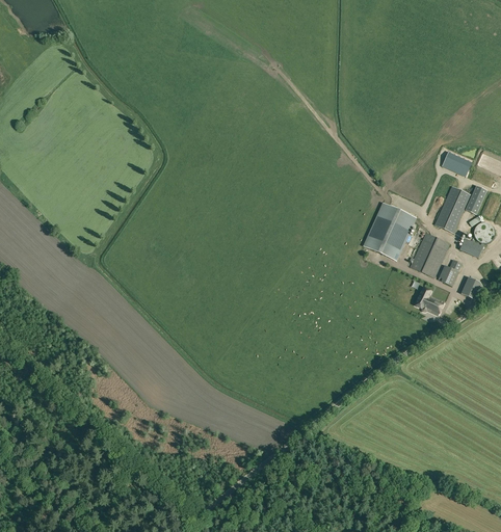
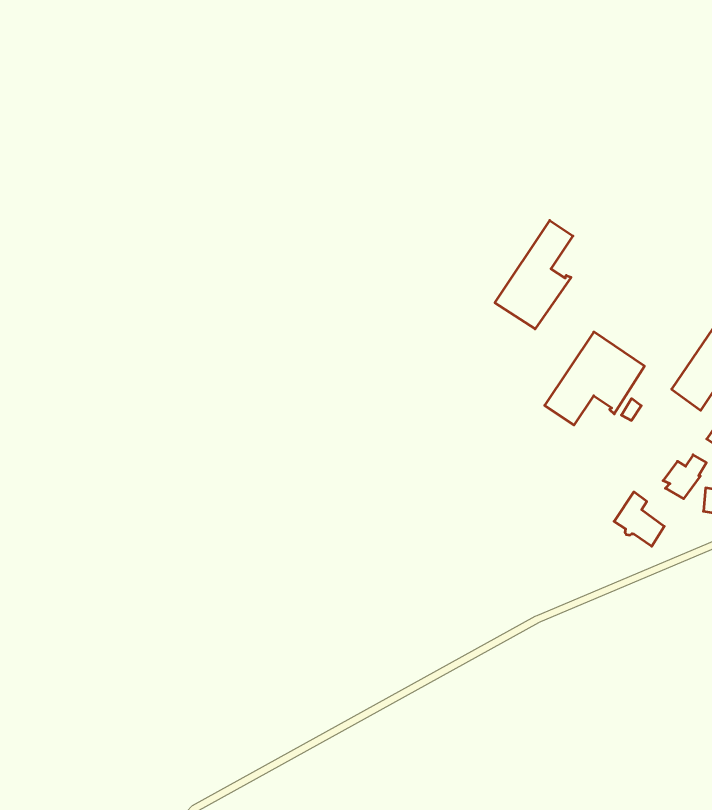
building: none -> [495,220,573,329]
building: [408,233,449,280] -> none

